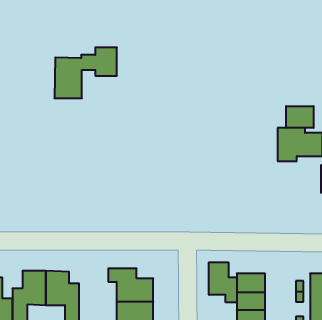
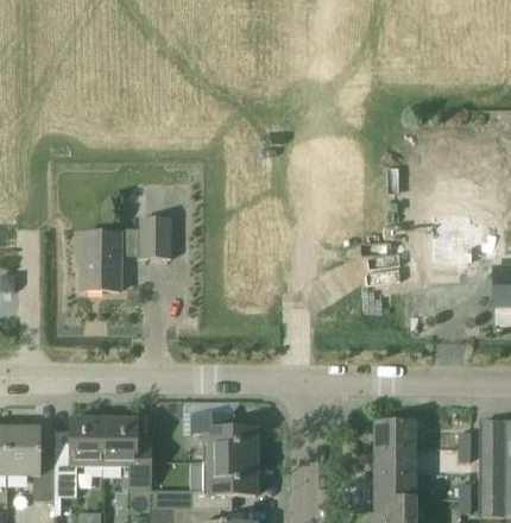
building: [54,47,117,98] -> [81,218,170,290]
building: [286,106,314,128] -> none
building: [209,262,237,302] -> none

